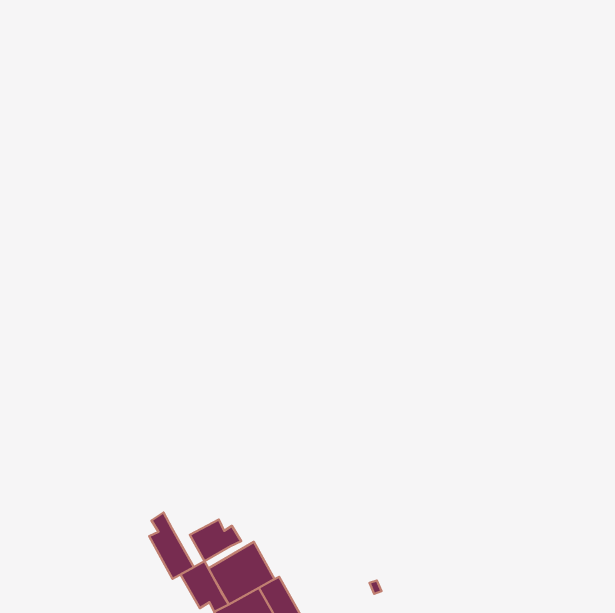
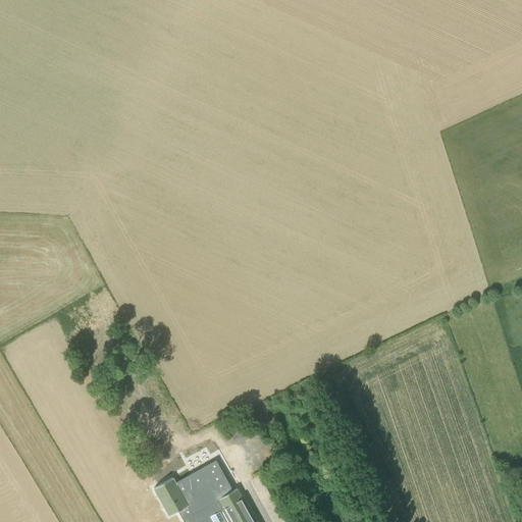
building: [149,513,194,579] -> none
building: [190,520,241,561] -> none

